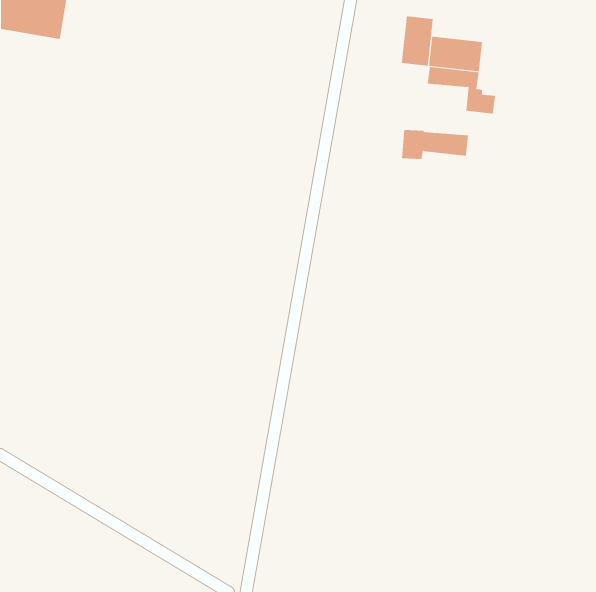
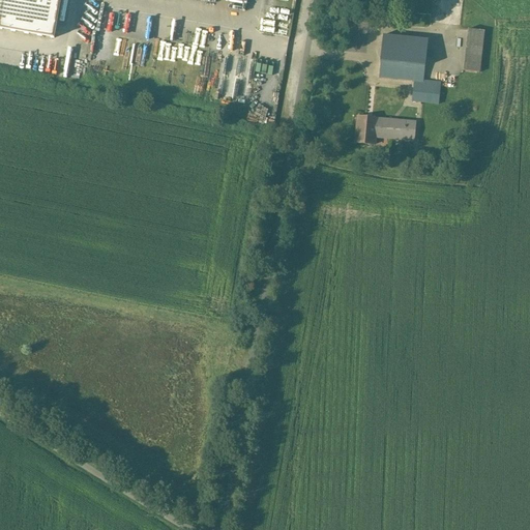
building: [401,16,433,66] -> none
building: none -> [464,27,484,69]

